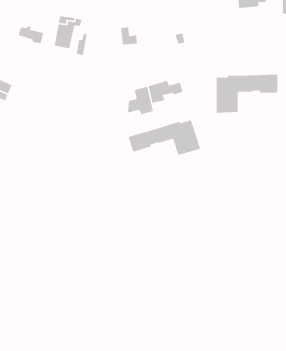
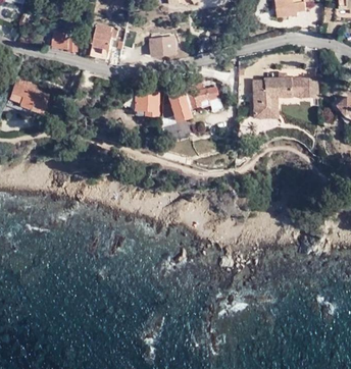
building: none -> [136,92,160,118]
building: [127,119,201,156] -> none

